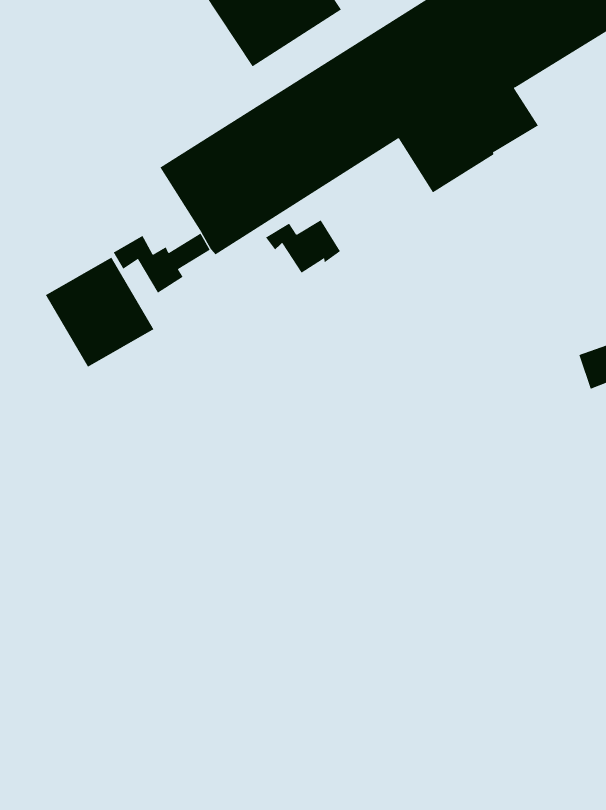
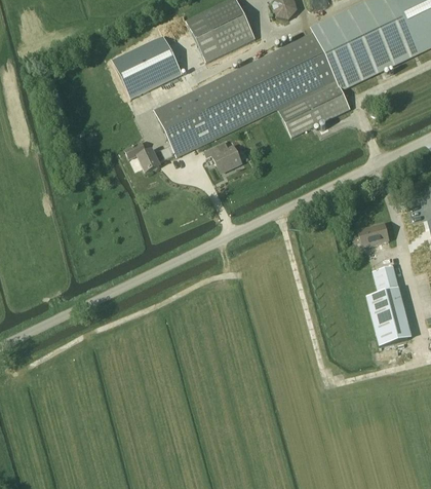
building: none -> [113,35,182,97]
building: [45,257,154,367] -> none

